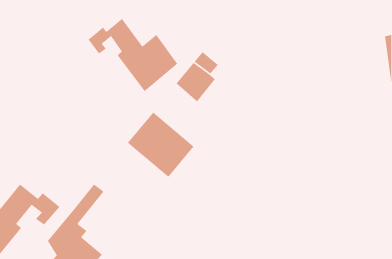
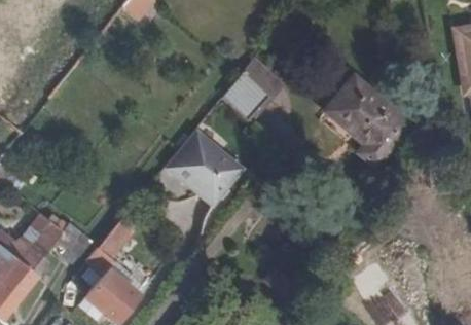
building: [87,18,178,92] -> none
building: none -> [335,75,420,164]

